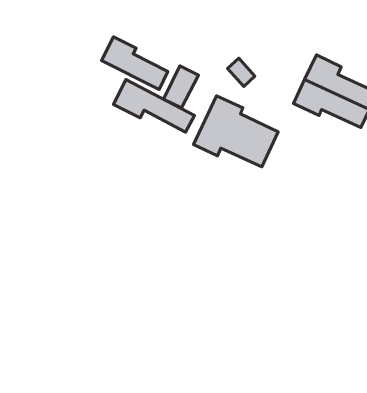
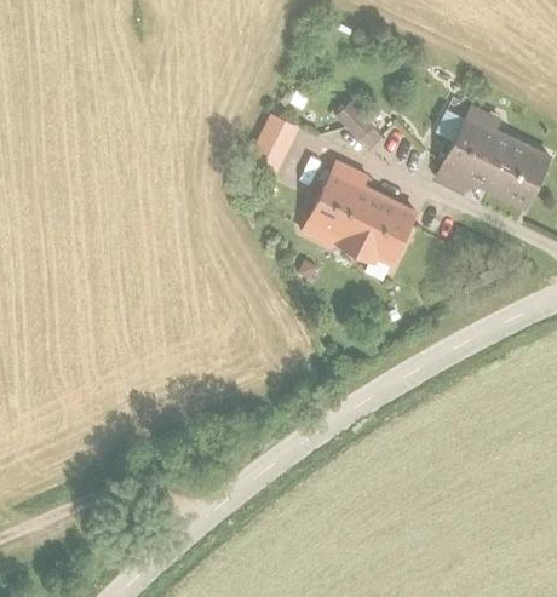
building: [102,37,168,89] -> none
building: [113,80,195,132] -> none

